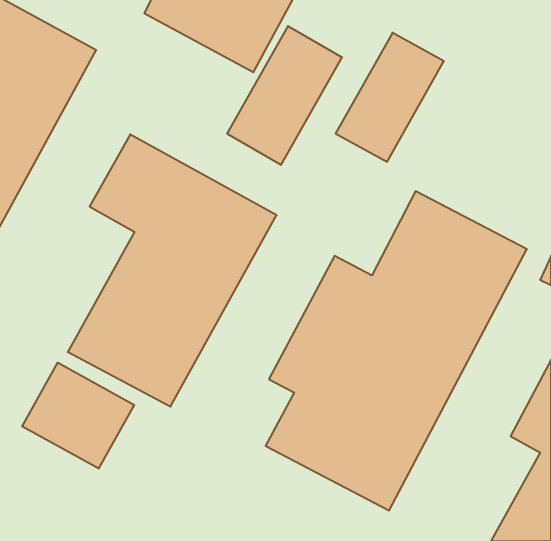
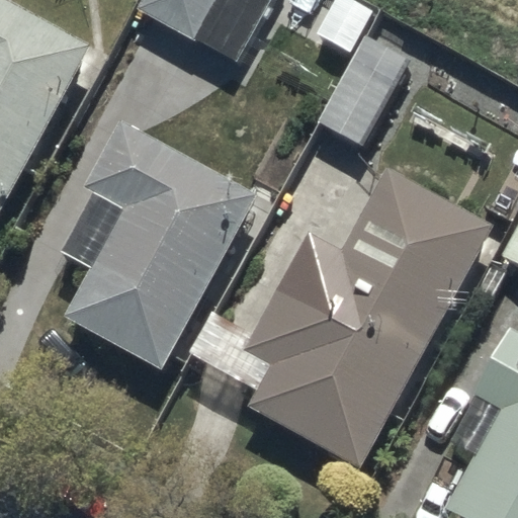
building: [227,26,342,165] -> none
building: [22,363,134,469] -> none

